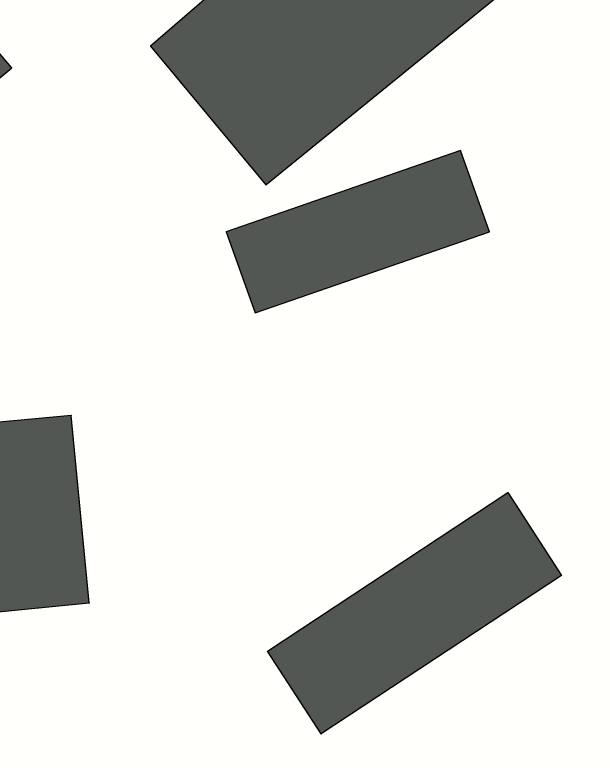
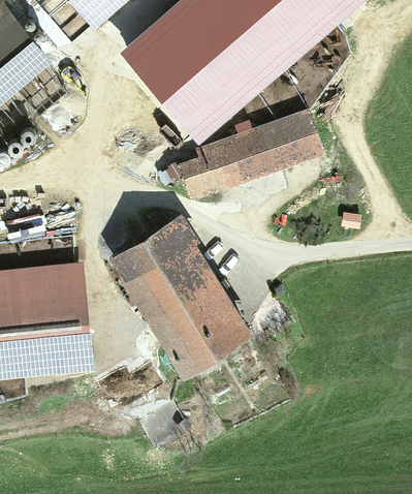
building: none -> [108,220,251,377]
building: [267,493,561,734] -> none

